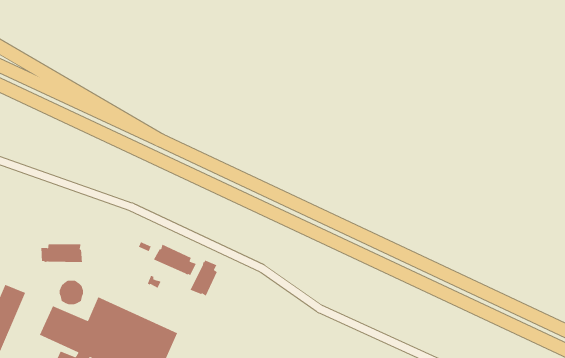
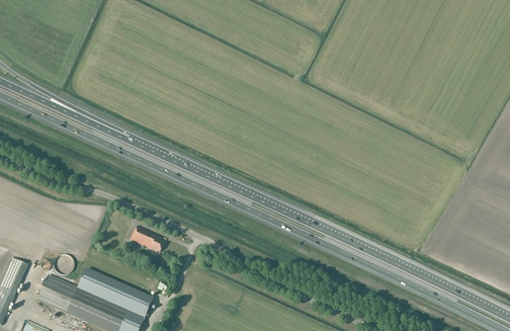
building: [41,243,83,263] -> none
building: [190,259,218,297] -> none

